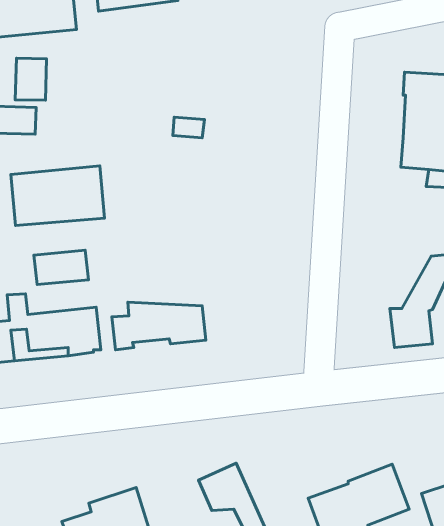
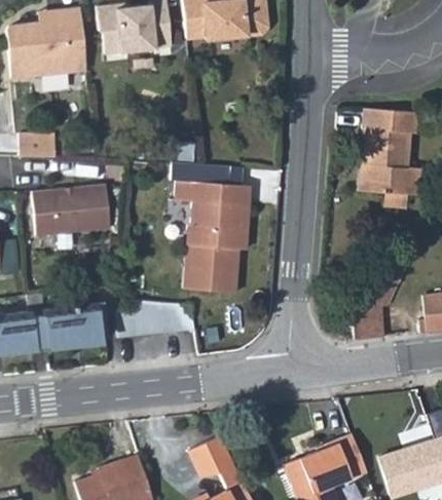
building: [15,58,47,100] -> none
building: none -> [170,163,252,294]
building: [34,250,88,285] -> none

